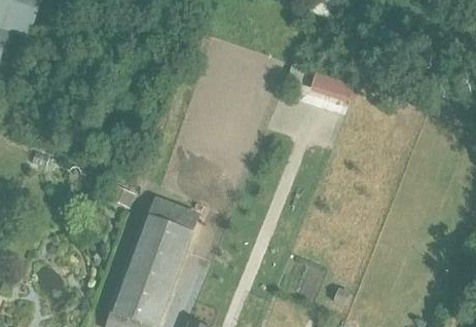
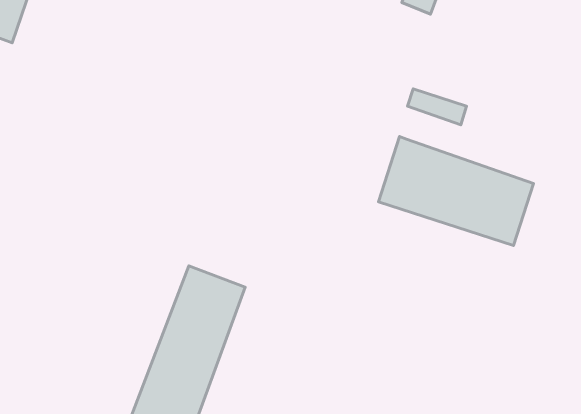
building: none -> [379,137,533,246]

